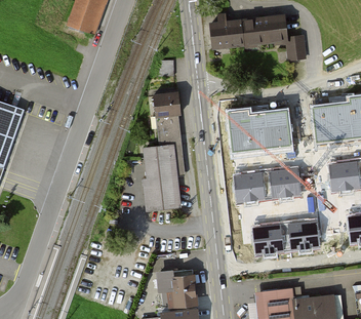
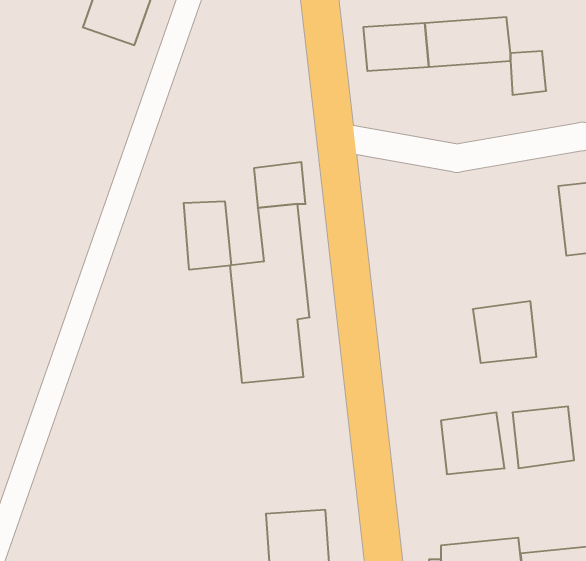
building: [229,108,293,152] -> none
building: none -> [184,201,231,270]
building: [235,171,267,203] -> none

